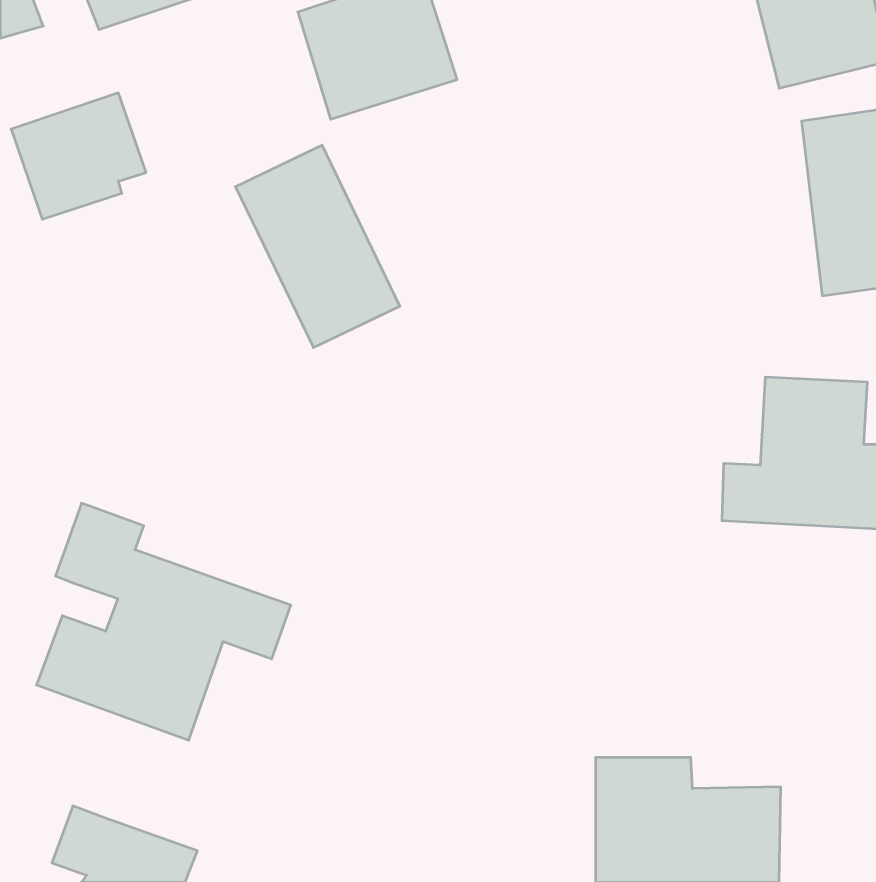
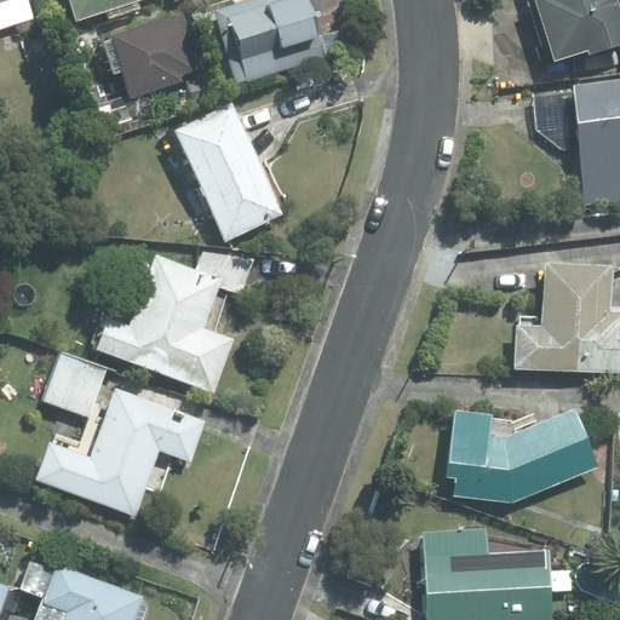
building: [11,93,146,219] -> [107,12,201,101]
building: none -> [93,248,252,391]
building: none -> [449,411,602,501]

